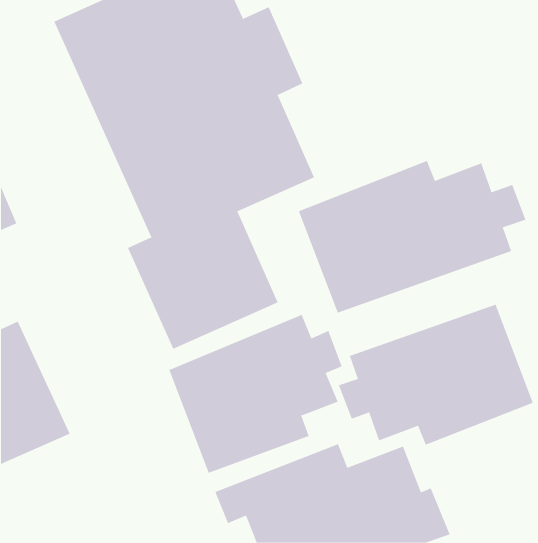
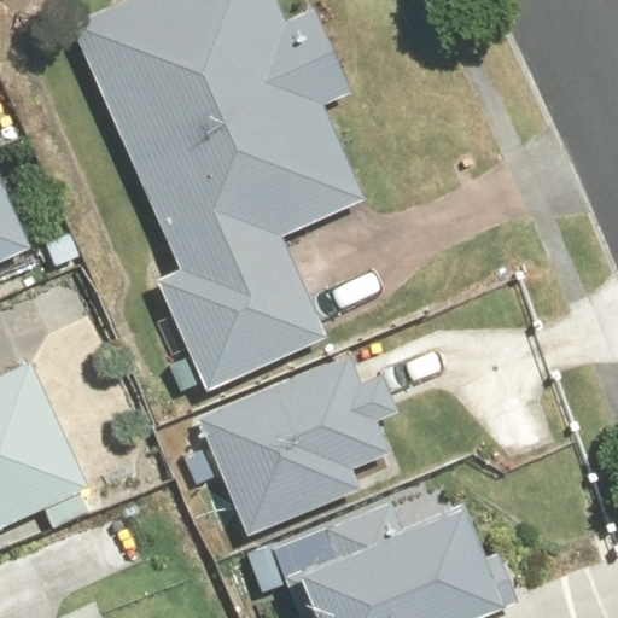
building: [298,160,526,314] -> none
building: [338,304,533,446] -> none

